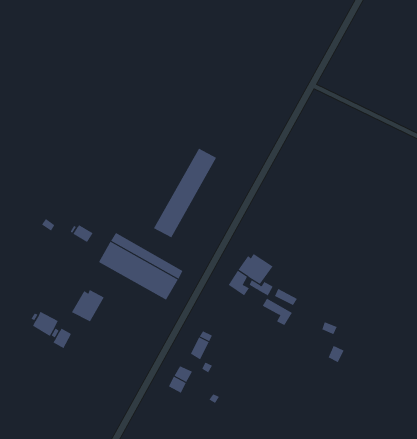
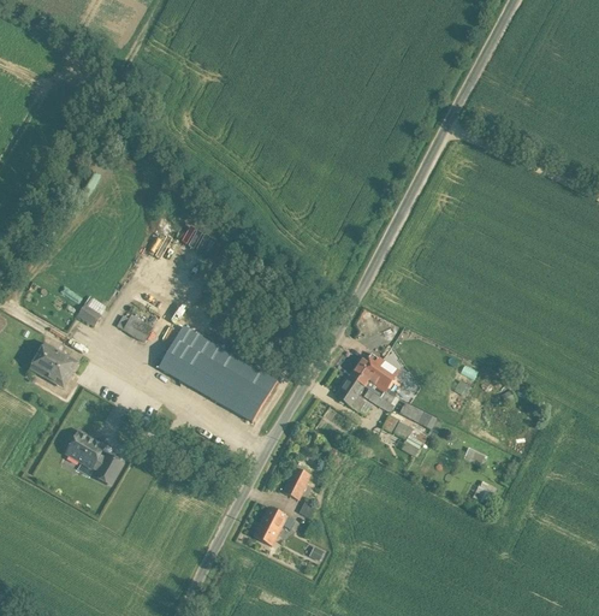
building: [153,148,217,238] -> none
building: none -> [29,343,76,383]
building: [71,289,105,322] -> none

